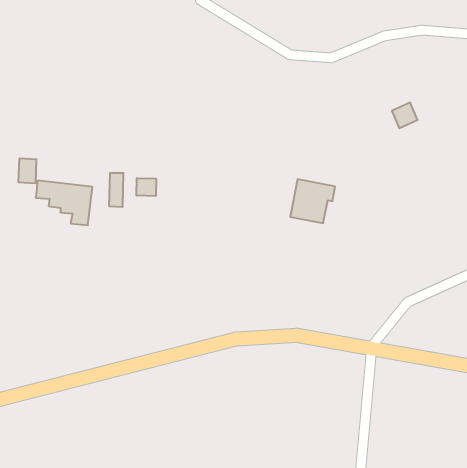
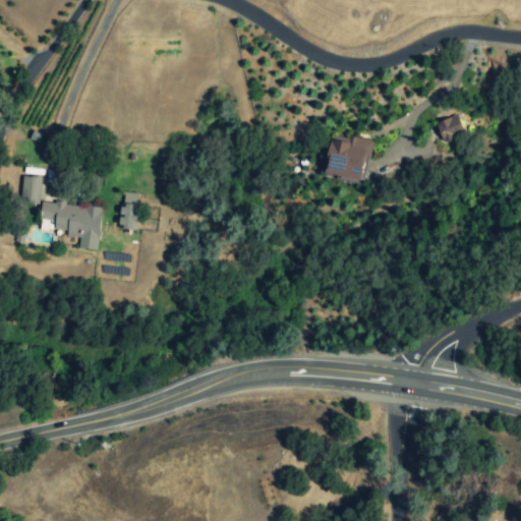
building: [137,178,156,196] -> none
building: [290,179,335,223] -> [325,133,374,182]

